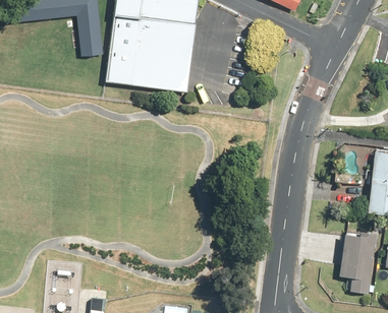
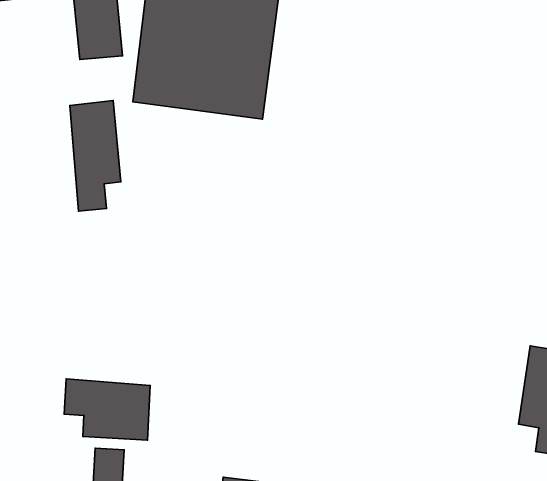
building: none -> [70,101,121,211]
building: none -> [64,379,150,440]

